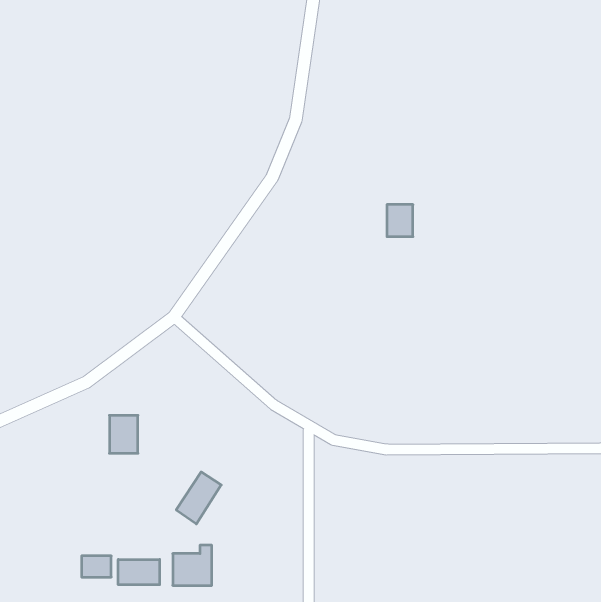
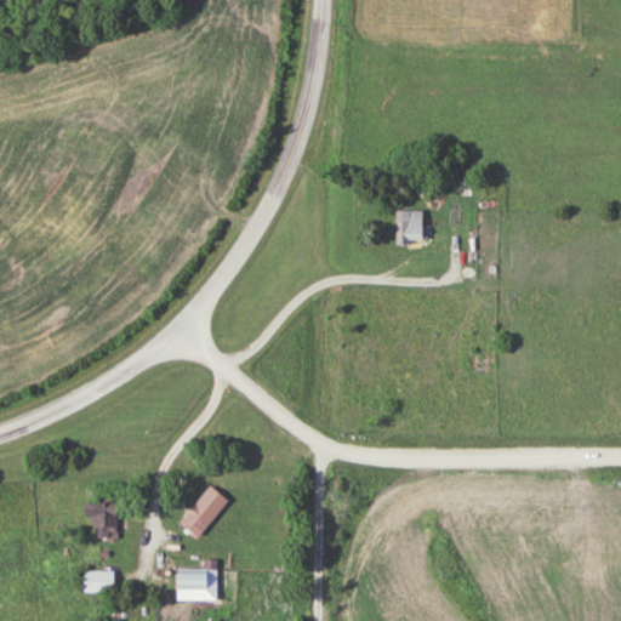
building: [109,415,138,453] -> [89,500,118,539]
building: [118,559,160,585] -> none

